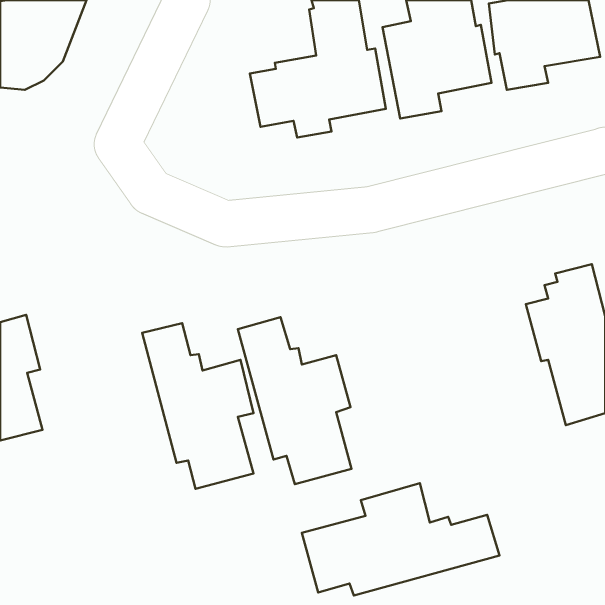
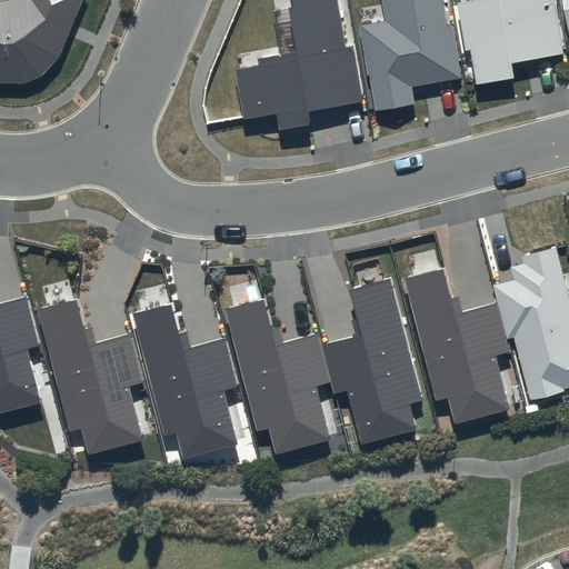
building: none -> [402,267,509,423]
building: none -> [322,279,423,445]
building: none -> [37,299,143,453]
building: [302,483,499,595] -> none

